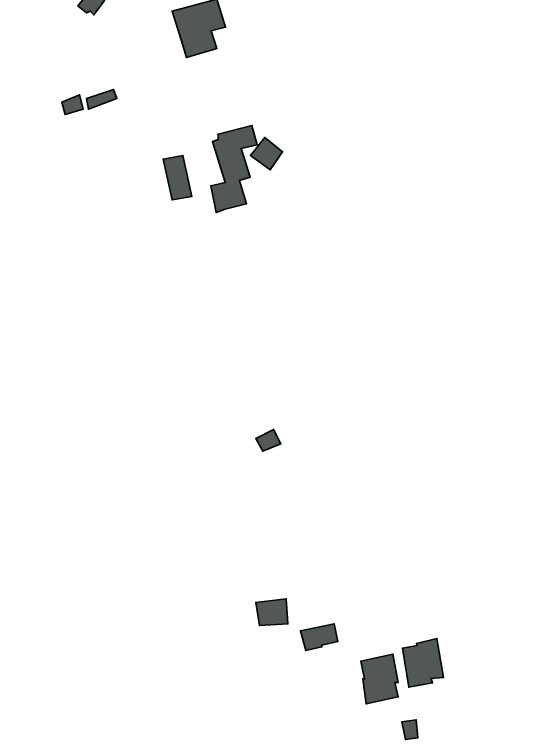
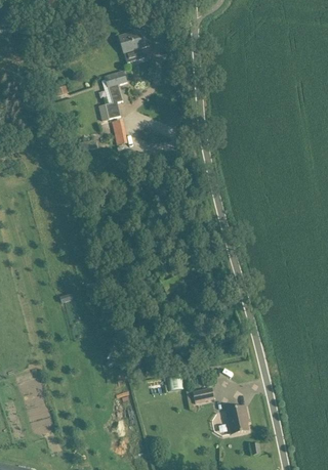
building: [211,125,257,213] -> [99,70,126,120]
building: [402,638,443,687] -> none

